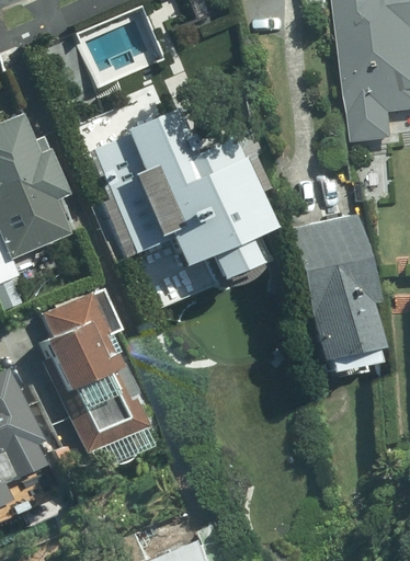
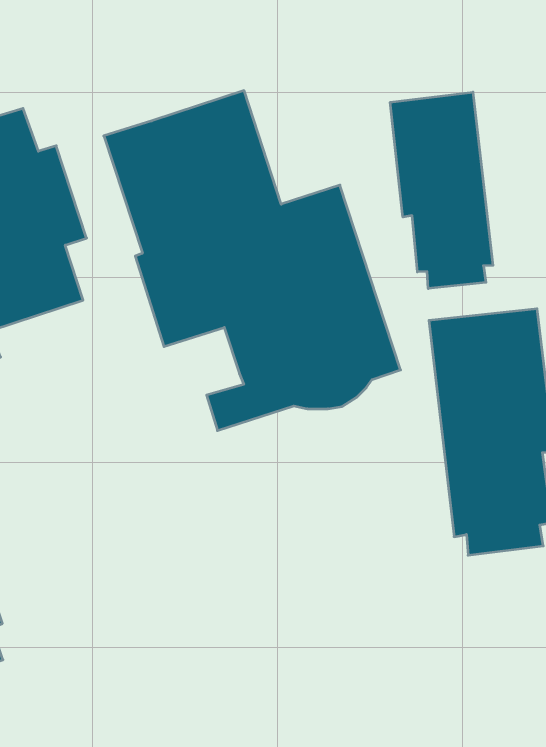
building: none -> [390,92,493,289]
building: [46,287,145,450] -> none

